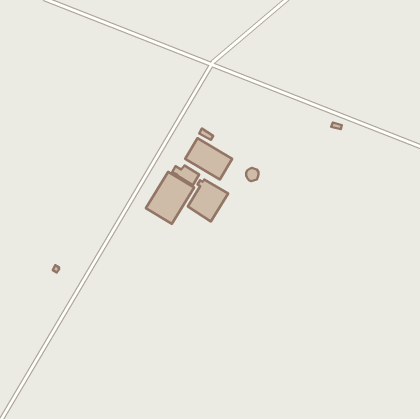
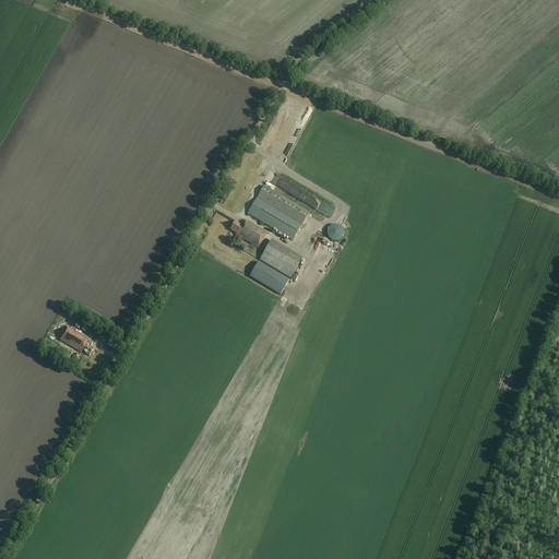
building: [146,172,194,224] -> none
building: none -> [58,324,92,354]

